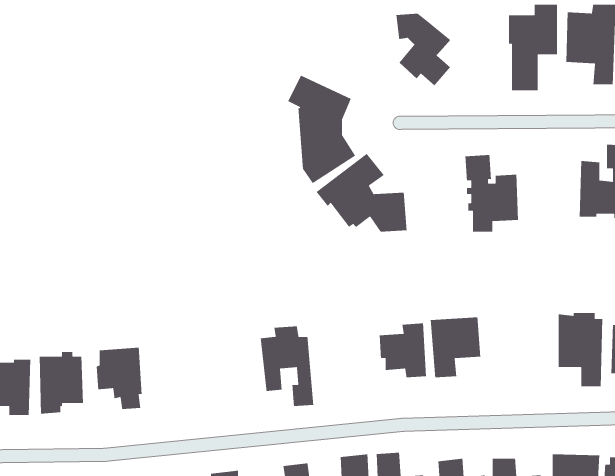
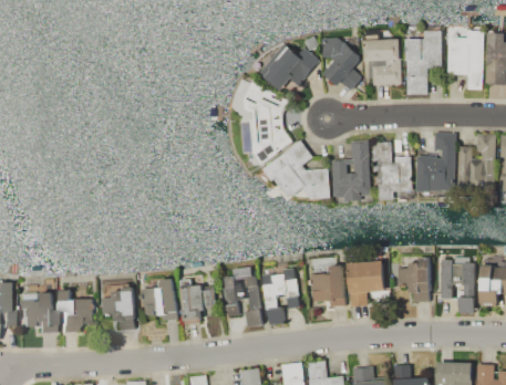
building: none -> [363,35,401,85]
building: none -> [259,44,319,91]
building: none -> [415,133,455,192]
building: none -> [331,141,370,201]
building: none -> [397,257,430,302]
building: none -> [261,269,299,325]
building: none -> [179,275,213,324]
building: none -> [142,279,176,321]

